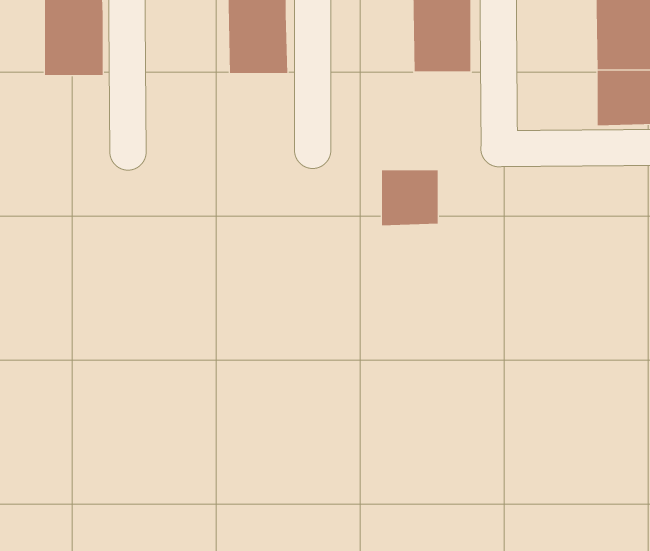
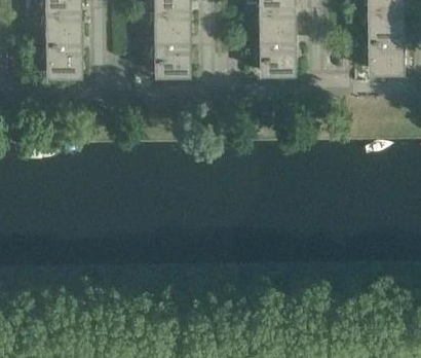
building: none -> [153,48,188,81]
building: none -> [44,49,79,82]
building: [381,170,439,226] -> [262,47,296,80]

